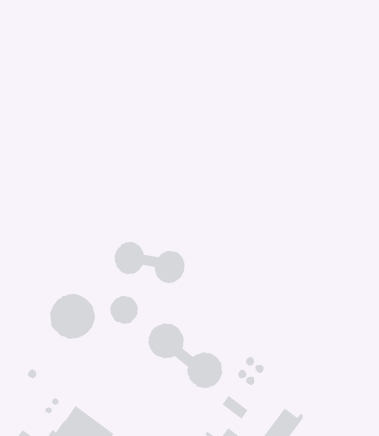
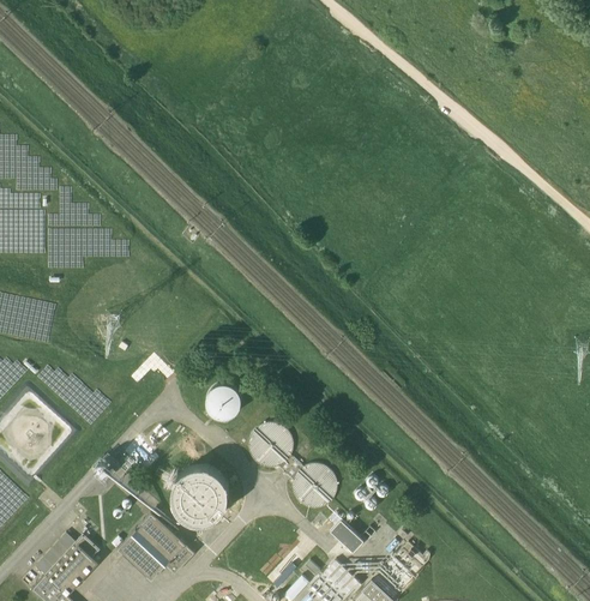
building: [114,241,185,284] -> none
building: [49,293,96,340] -> [170,465,228,522]

